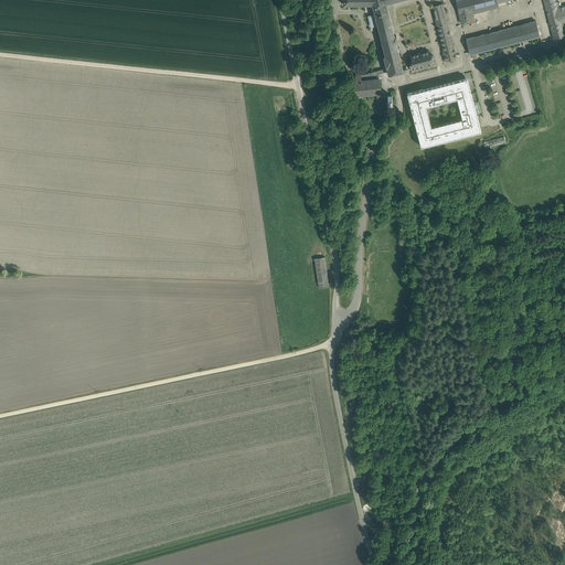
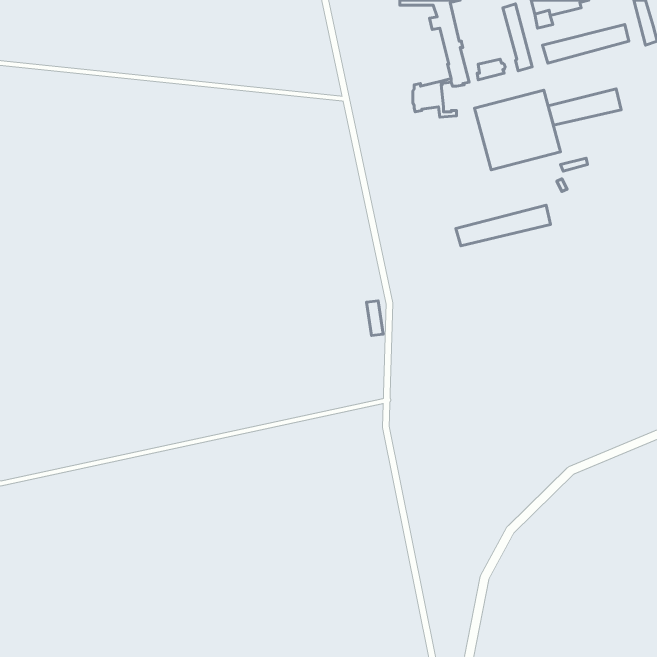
building: none -> [548,89,621,125]
building: none -> [456,205,550,246]

